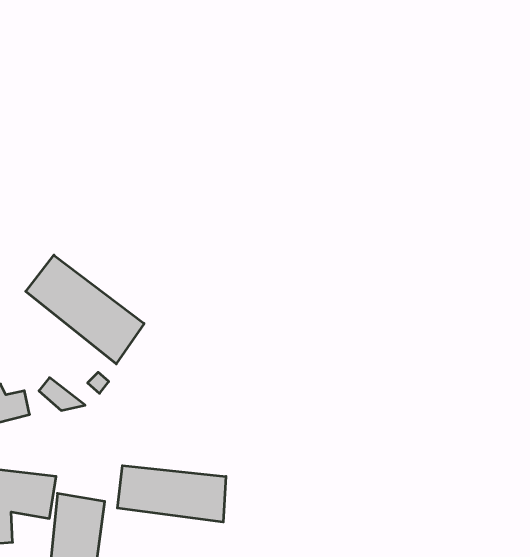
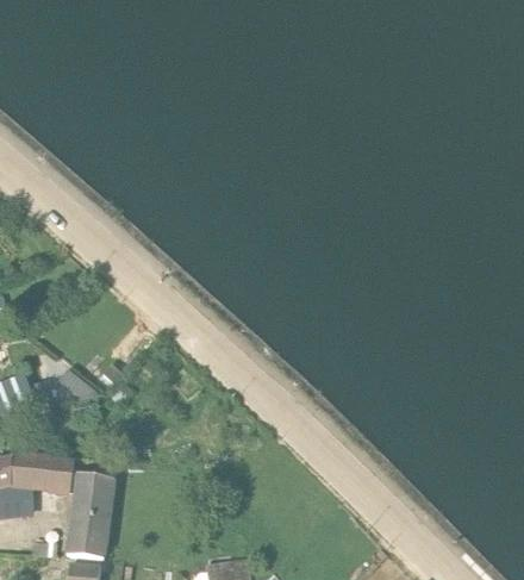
building: [26,255,144,364] -> none
building: [117,466,226,522] -> none

